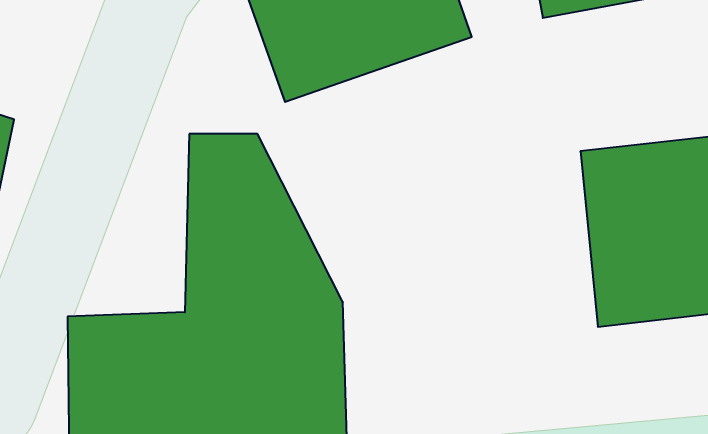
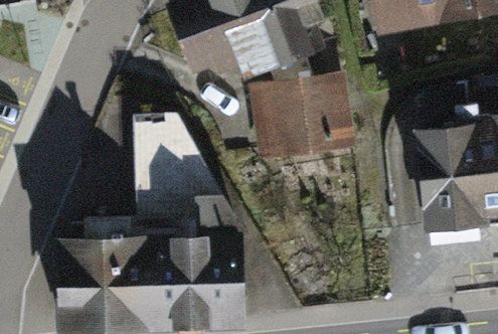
building: none -> [260,72,356,157]

